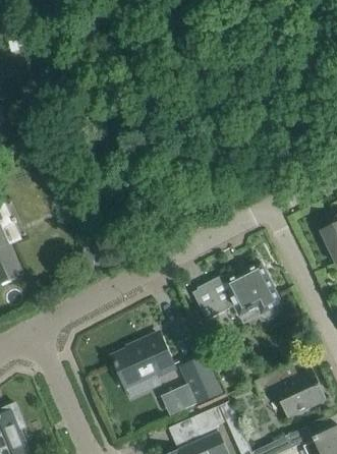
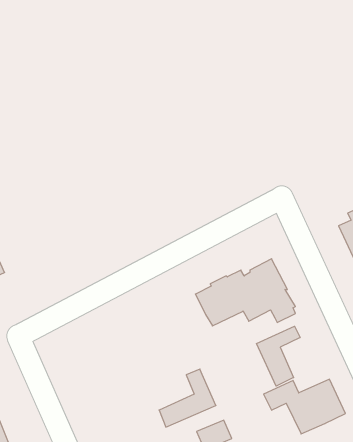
building: none -> [257,326,300,386]
building: [112,334,175,390] -> none

